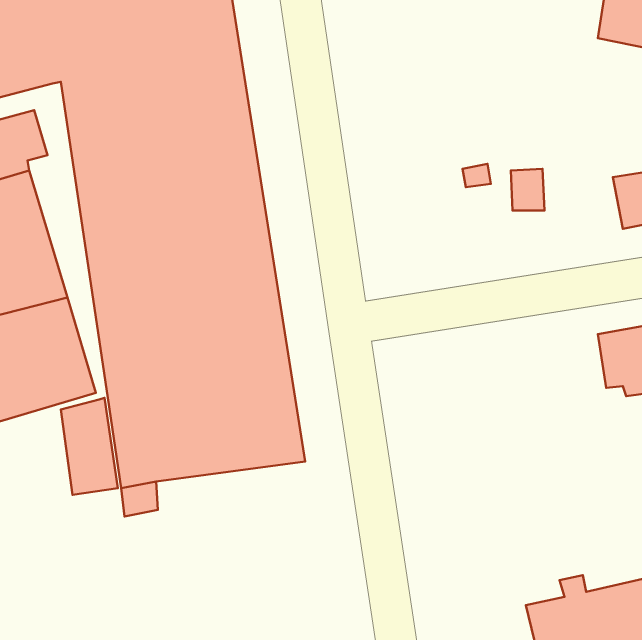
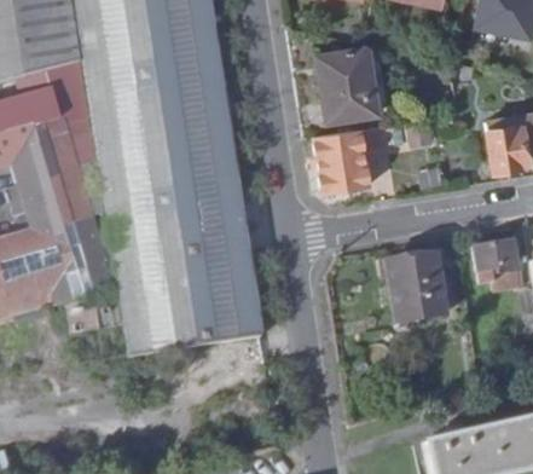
building: none -> [318,47,380,120]
building: none -> [315,126,370,187]
building: none -> [386,253,445,319]

